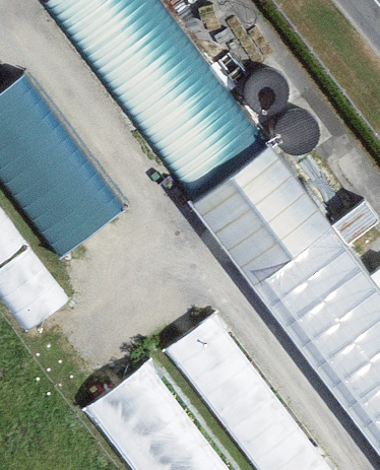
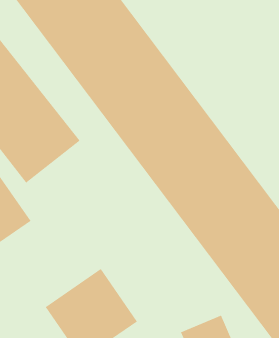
building: [173,313,279,430] -> none

